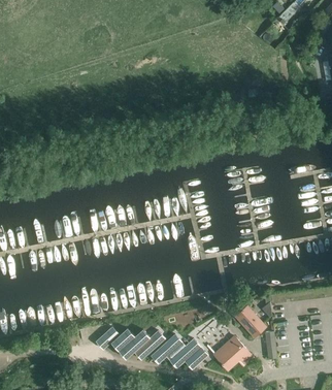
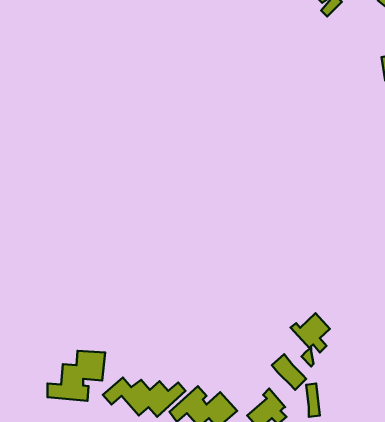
building: none -> [291,313,330,352]
building: none -> [47,351,105,401]

